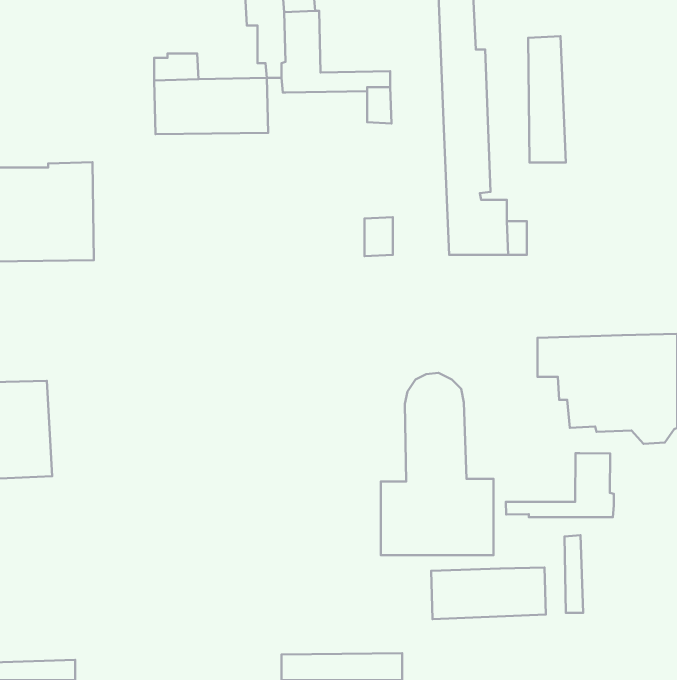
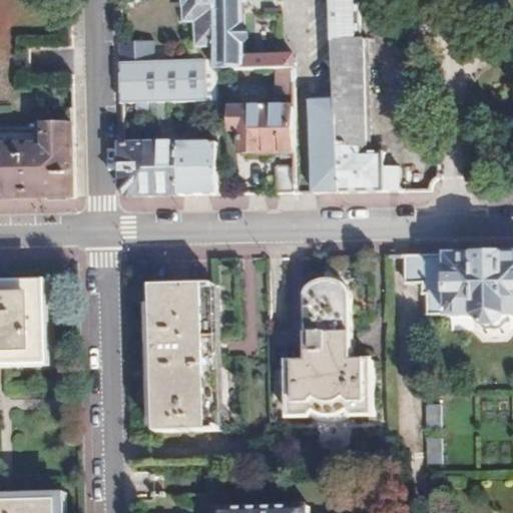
building: [528,36,566,162] -> [308,96,336,190]
building: none -> [228,104,294,150]
building: none -> [117,141,216,192]
building: none -> [150,282,214,429]
building: [506,453,614,517] -> none
building: [431,567,546,619] -> none

